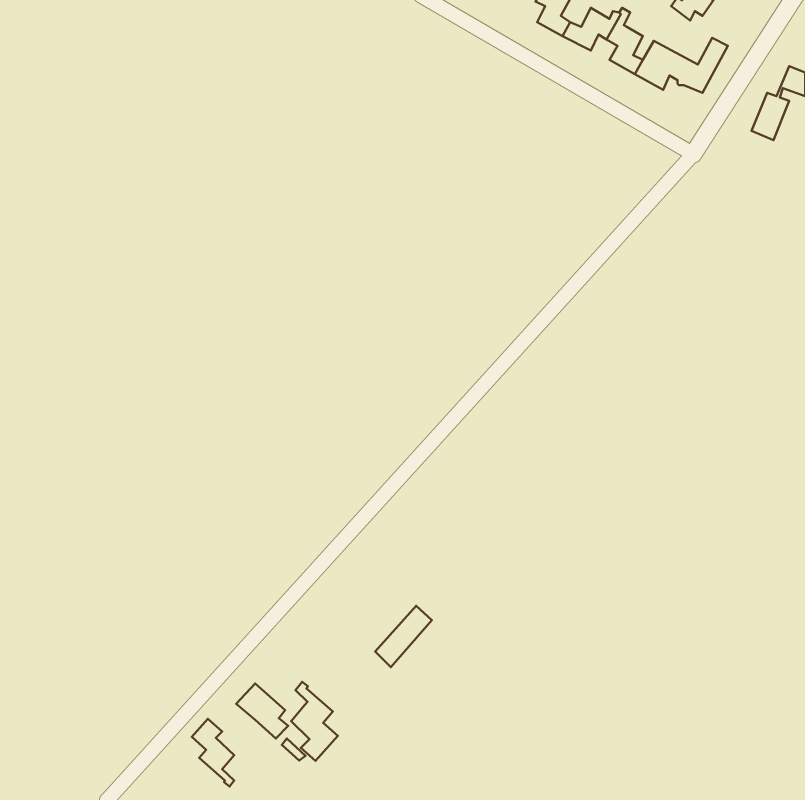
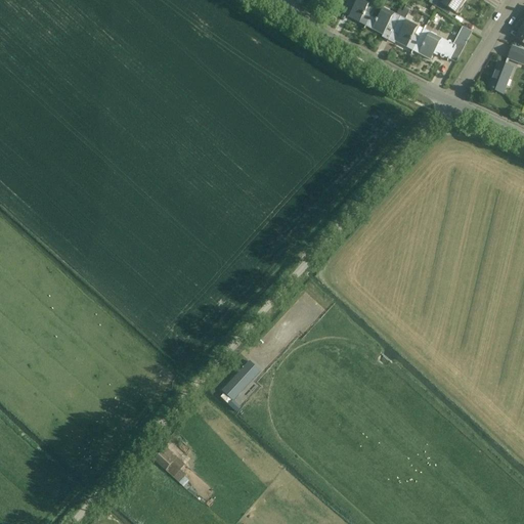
building: [375,606,432,667] -> [221,362,258,402]
building: [291,682,338,761] -> none
building: [192,719,234,786] -> none

